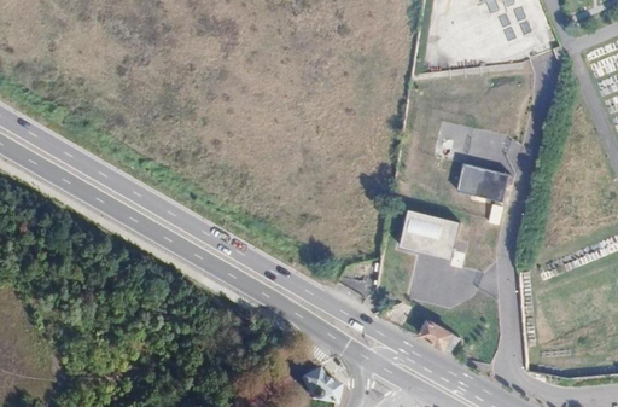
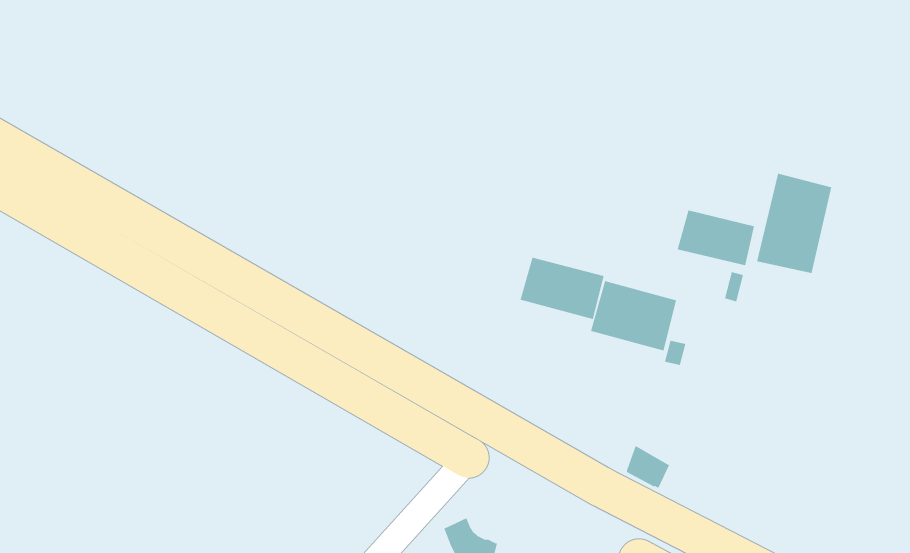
building: none -> [757,173,832,274]
building: none -> [520,257,604,320]

